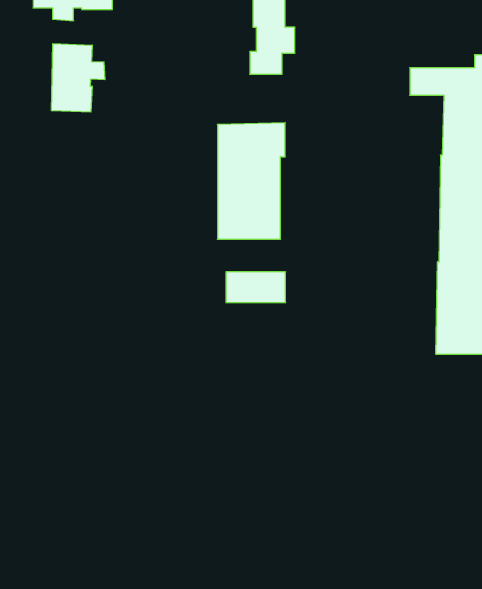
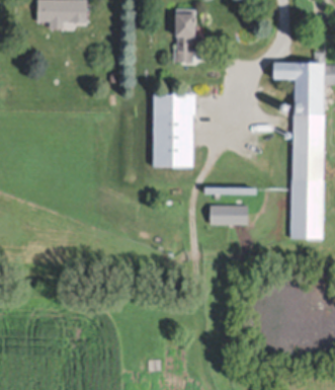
building: [51,44,105,112] -> none
building: [226,272,286,303] -> [210,207,247,226]

